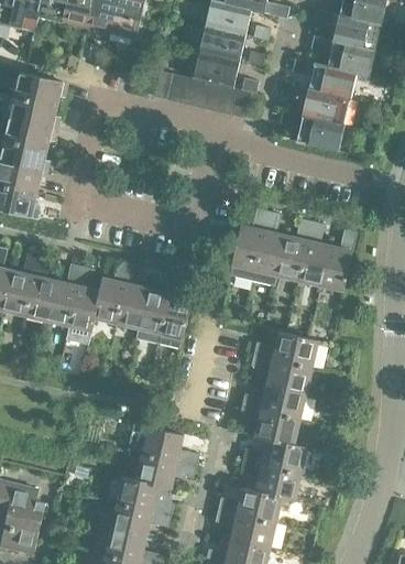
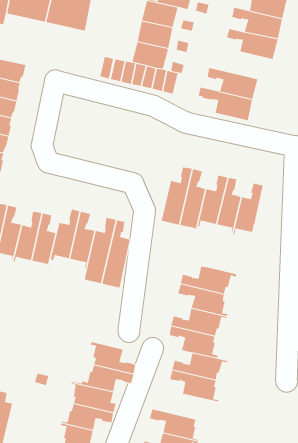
building: [292,58,369,99] -> none
building: [218,487,300,522] -> none

